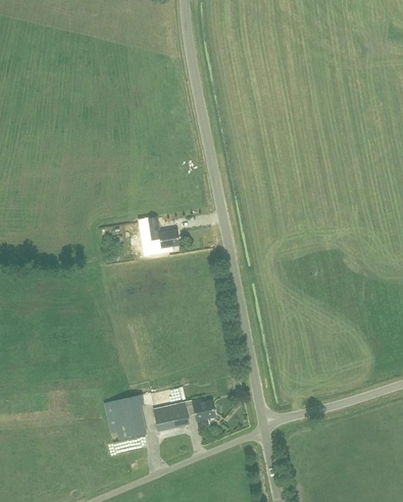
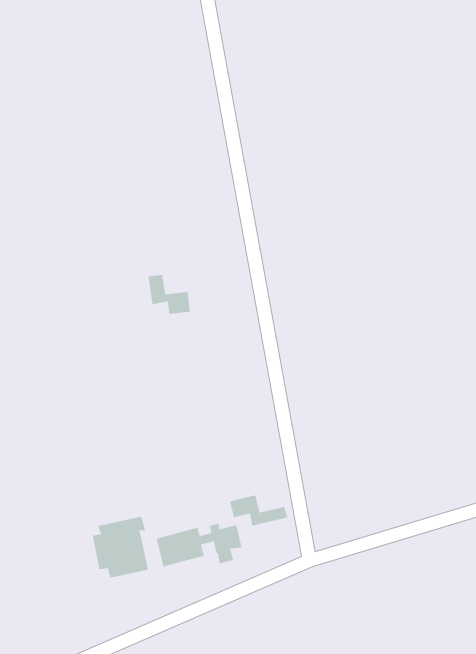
building: none -> [229,495,289,526]

